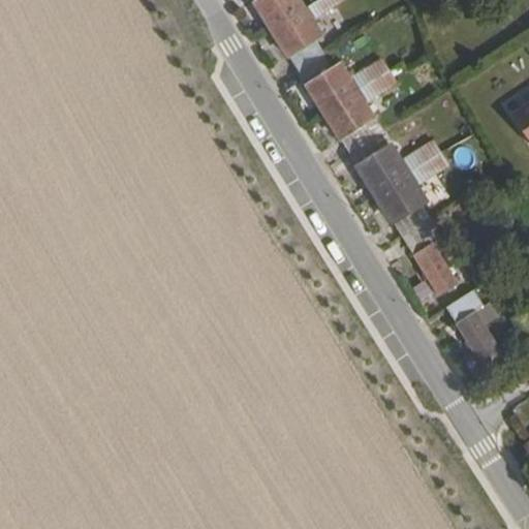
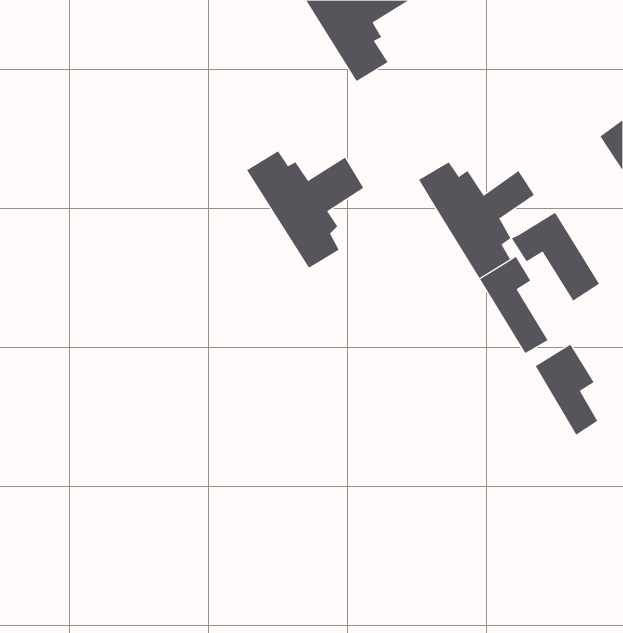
building: [297,53,395,151] -> [246,150,364,268]
building: none -> [511,212,600,301]

